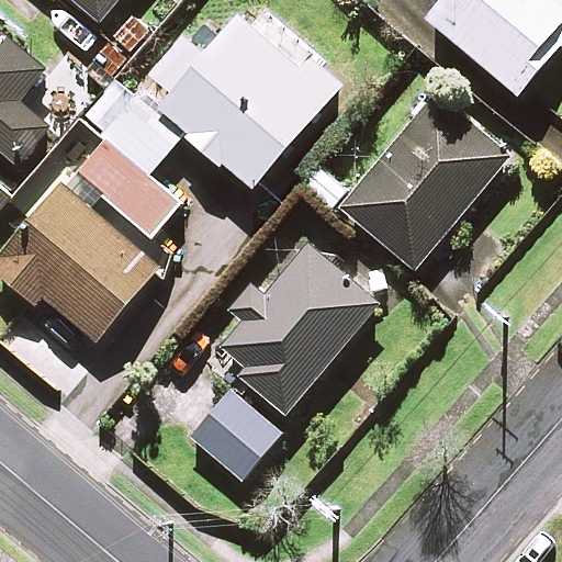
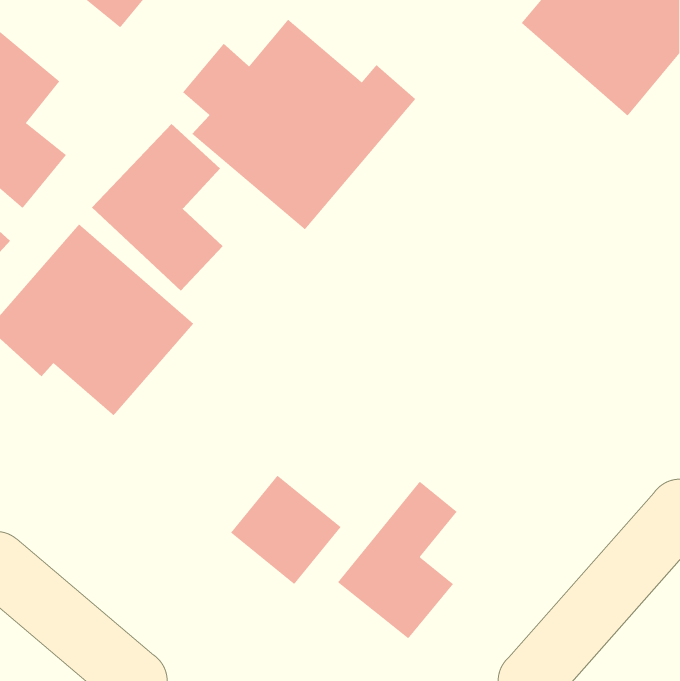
building: [339,95,507,269] -> none
building: [220,245,376,414] -> none
building: none -> [337,481,458,639]

